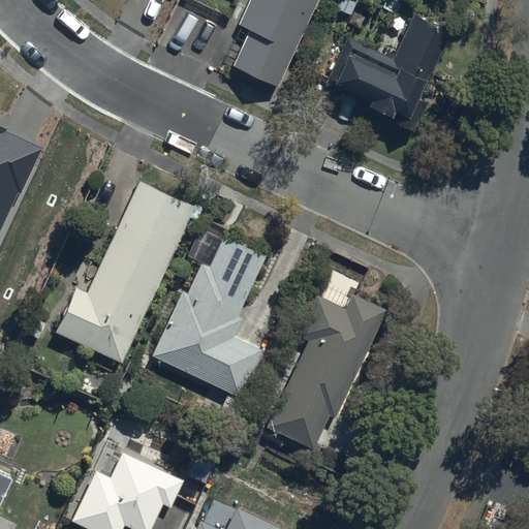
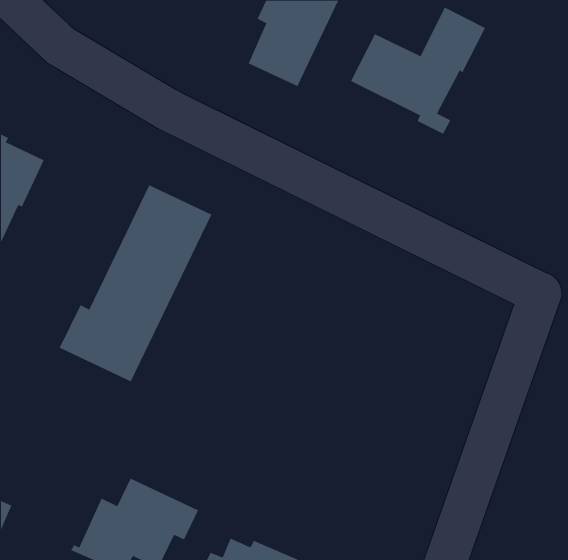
building: [150,236,264,399] -> none
building: [267,294,384,448] -> none

